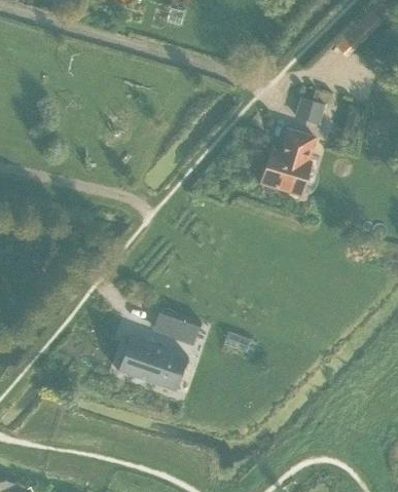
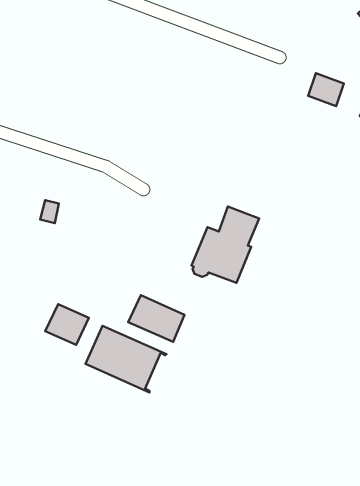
building: [261,129,318,196] -> [192,207,259,283]
building: none -> [45,304,89,345]

